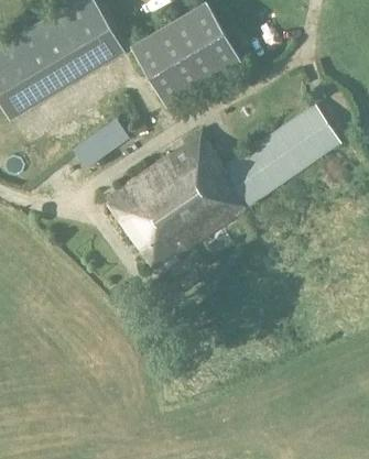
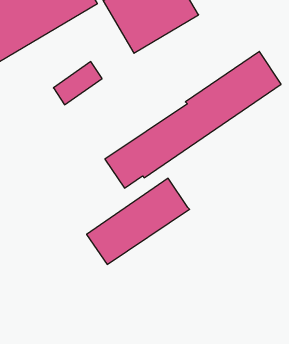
building: [108,132,229,233] -> [87,178,190,264]

